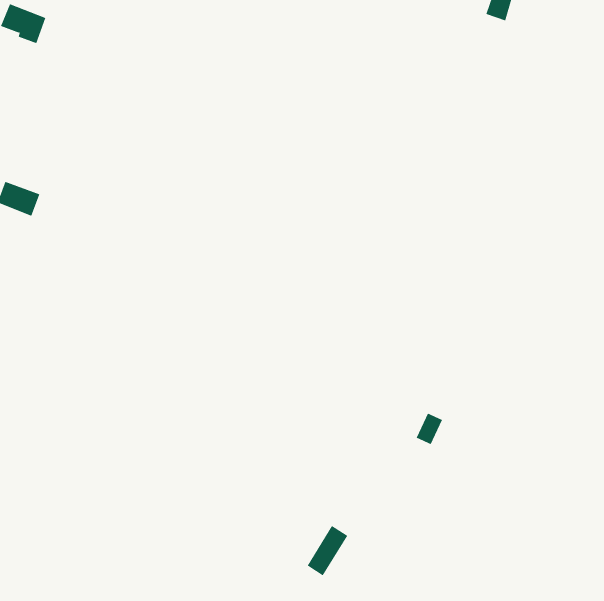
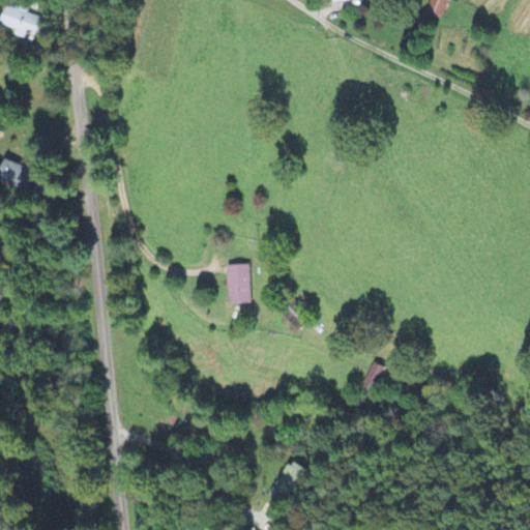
building: none -> [226,264,249,303]

